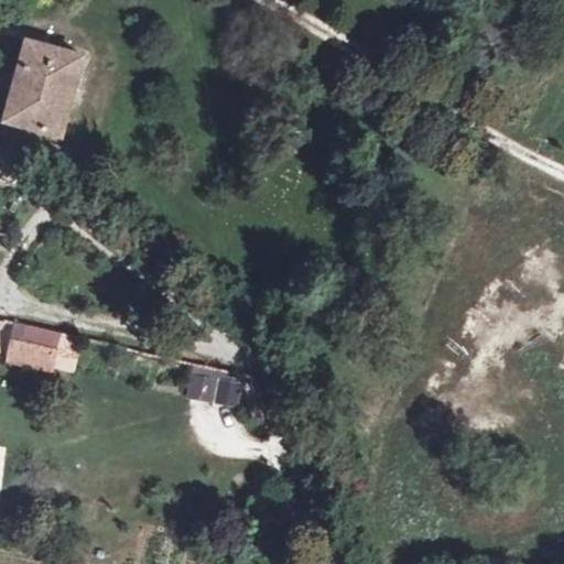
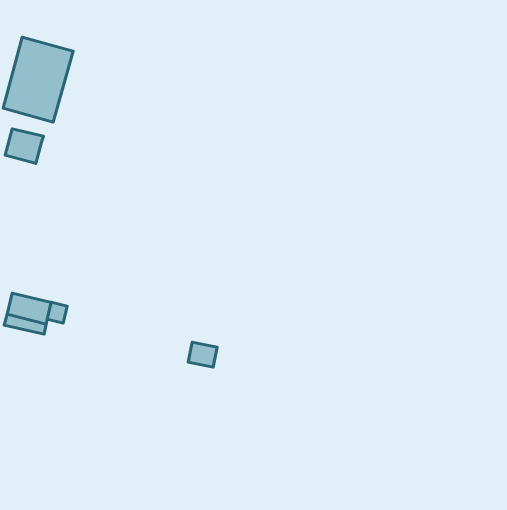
building: none -> [5,129,43,164]

